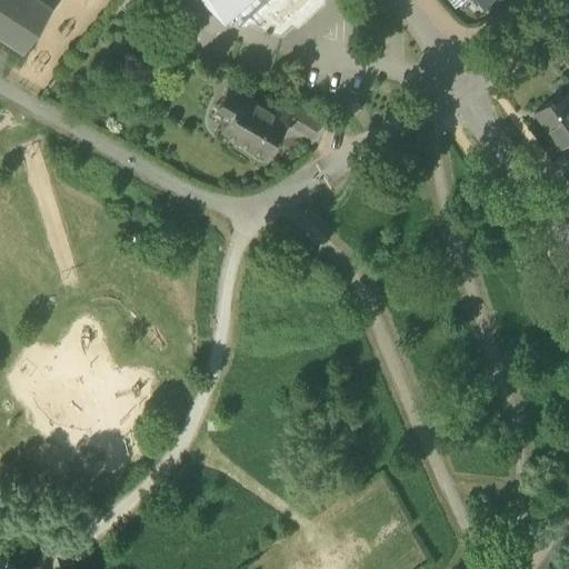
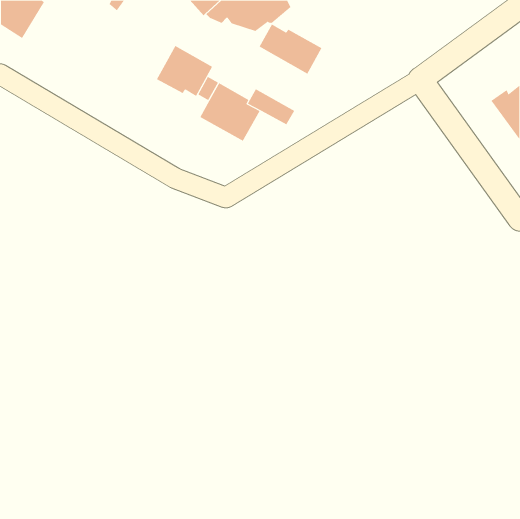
building: none -> [259,23,322,74]
building: none -> [156,45,213,97]

